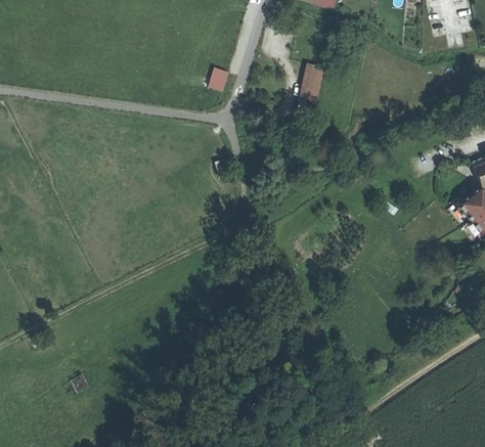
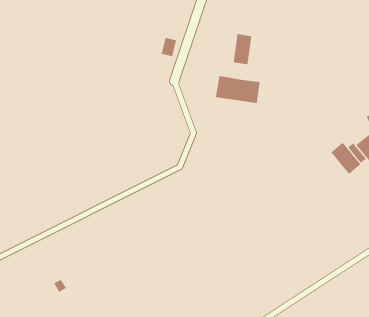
building: none -> [215,75,260,104]
building: none -> [331,142,361,175]

